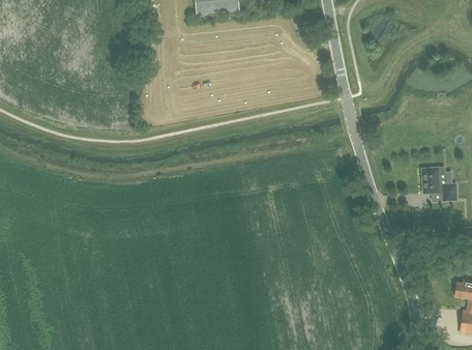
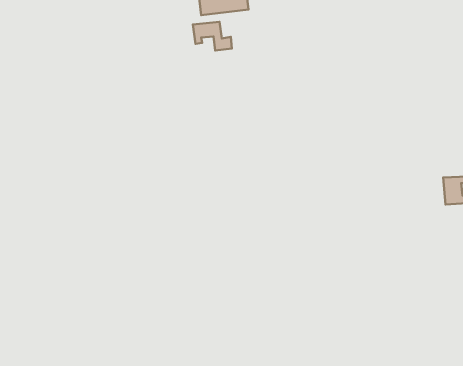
building: none -> [193,22,232,50]

